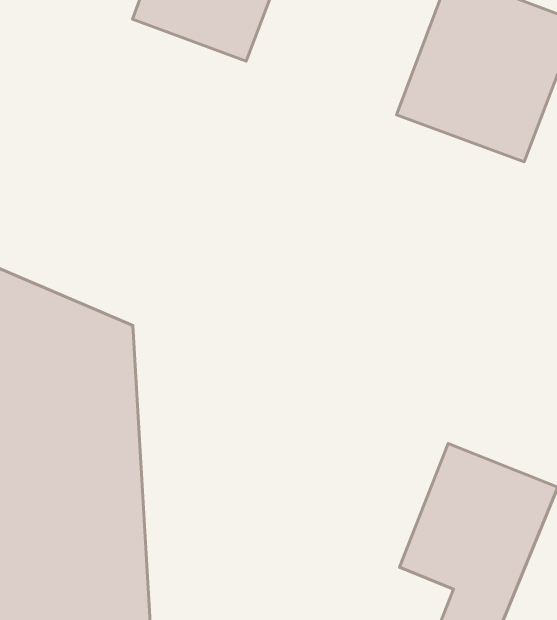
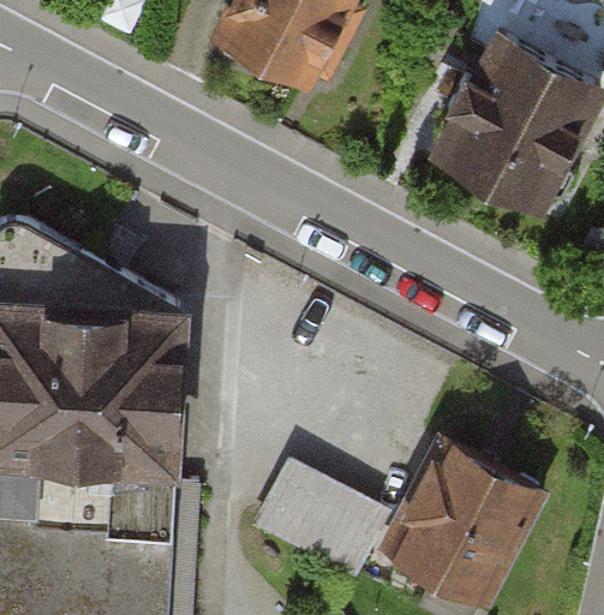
building: none -> [257,460,395,580]

